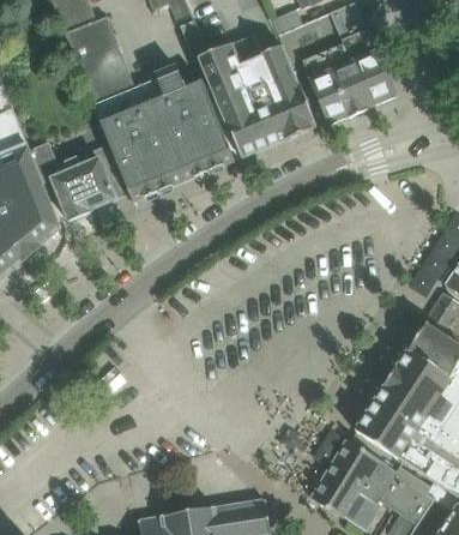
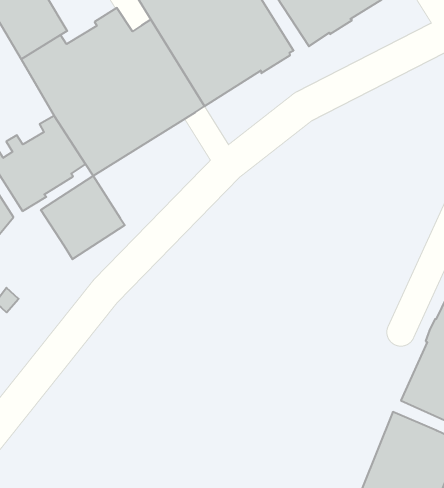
building: none -> [41,176,125,259]

